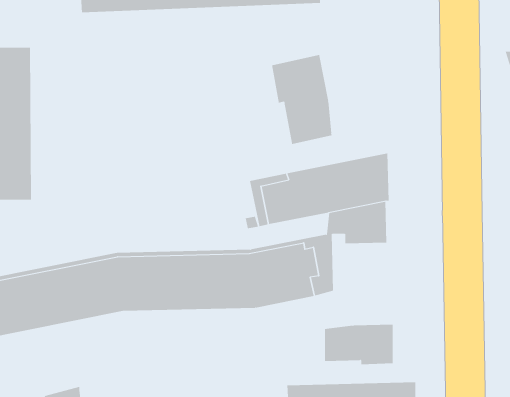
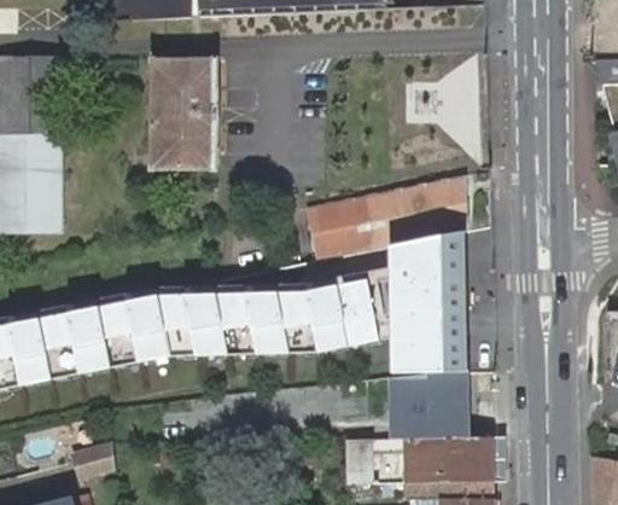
building: none -> [151,58,216,168]
building: [271,54,332,145] -> none
building: none -> [391,269,462,376]
building: none -> [389,412,468,439]

